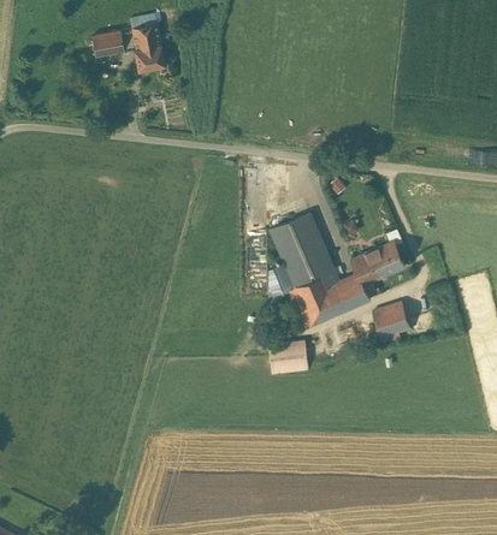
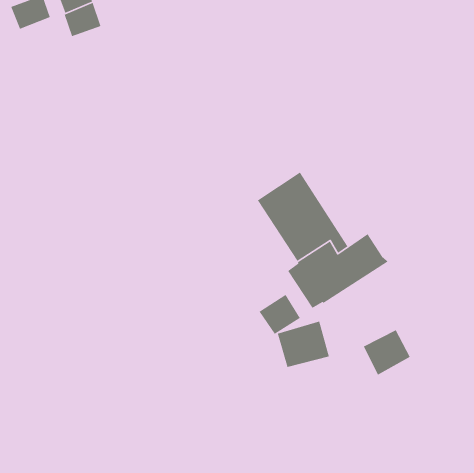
building: [351,242,404,295] -> none
building: [372,303,410,339] -> [363,329,411,376]
building: none -> [259,294,301,335]

